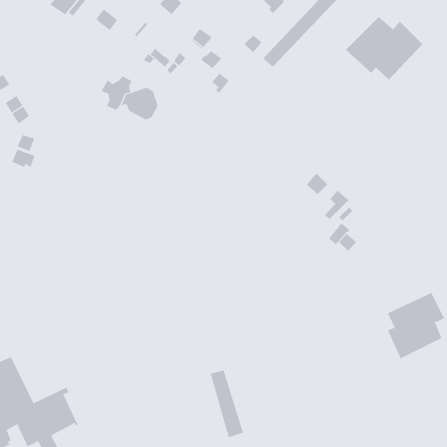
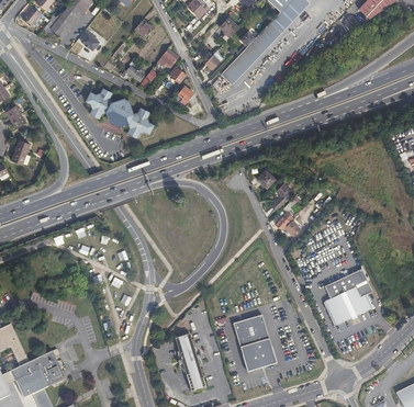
building: [345,16,423,80] -> none
building: none -> [126,109,153,138]
building: none -> [233,315,276,372]

